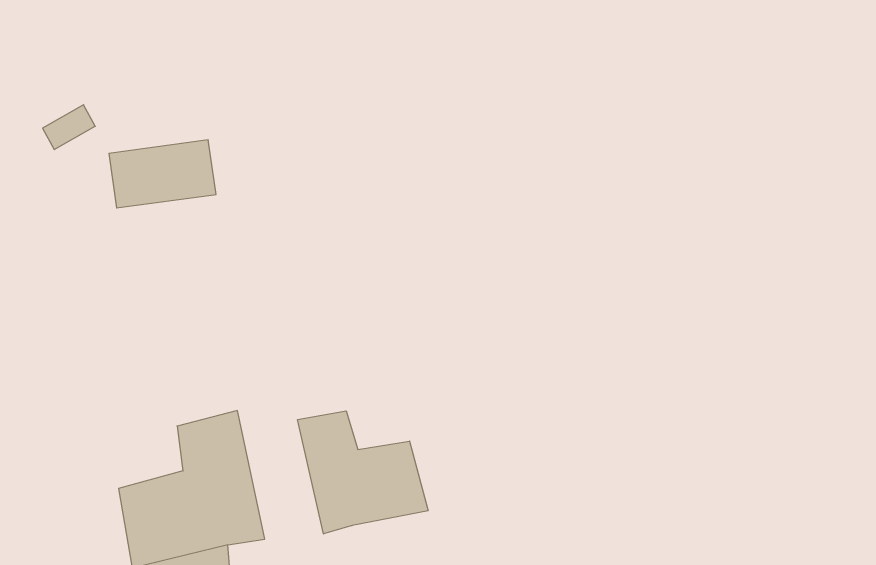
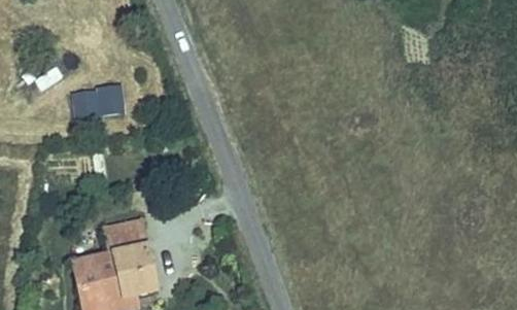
building: [298,411,428,534] -> none

